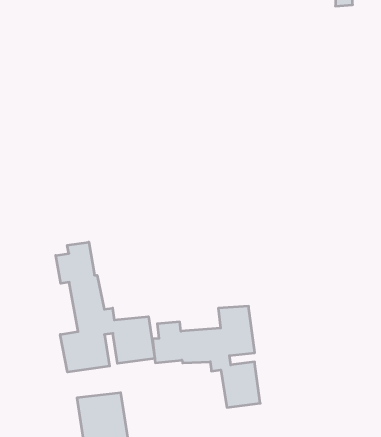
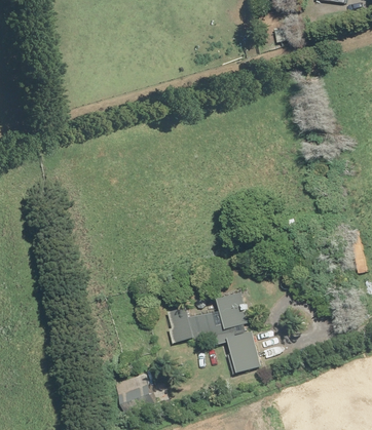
building: [56,242,155,372] -> none

